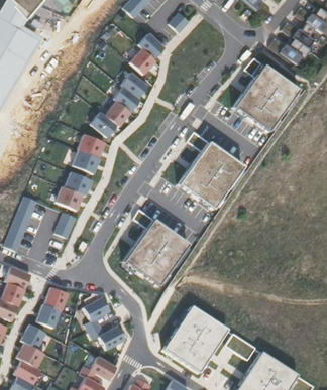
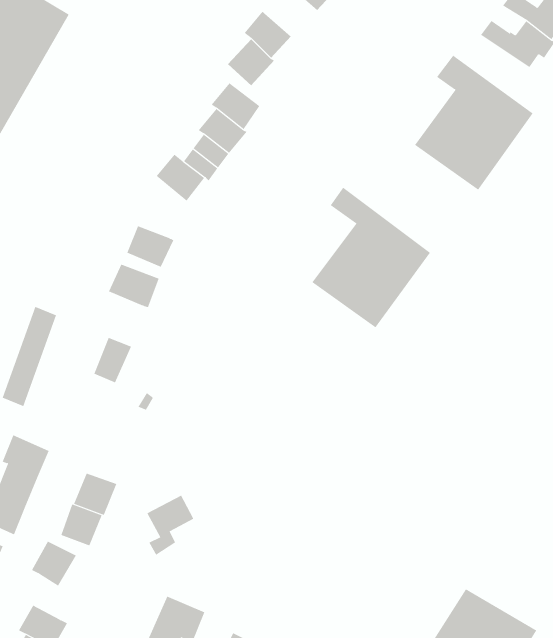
building: [79,135,105,158] -> none
building: [56,186,83,211] -> none
building: [119,208,185,284] -> none
building: [162,305,228,373] -> none
building: [90,326,125,349] -> none
building: [225,333,255,360] -> none
building: [17,343,44,368] -> none

